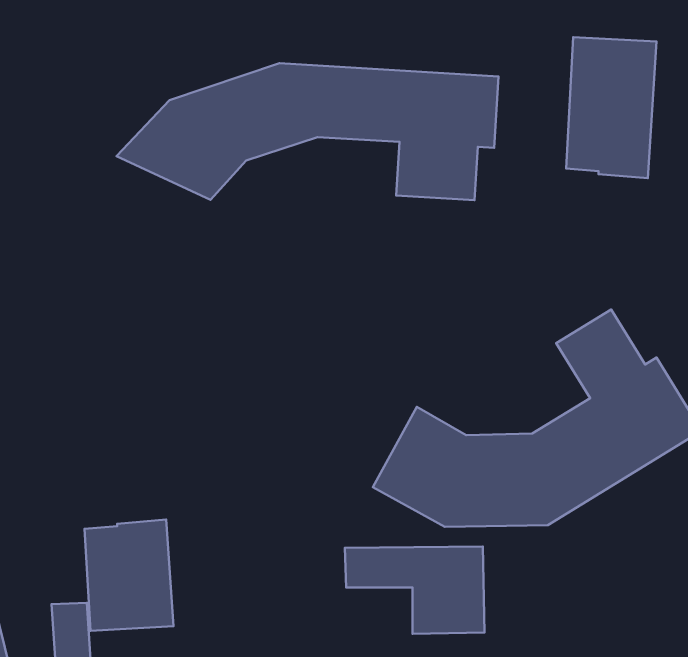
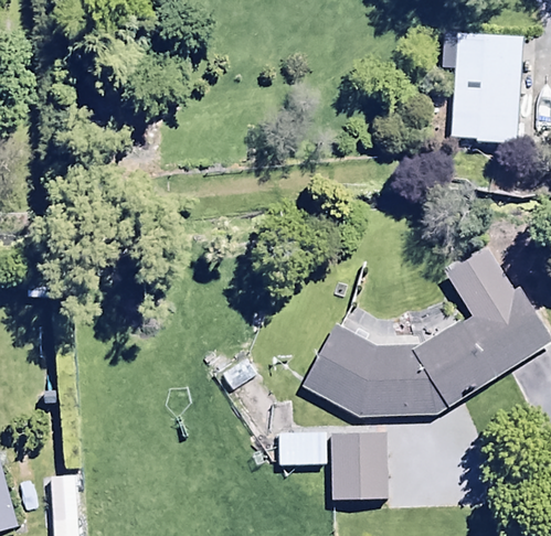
building: [117,63,499,200] -> none
building: [85,520,174,631] -> none

